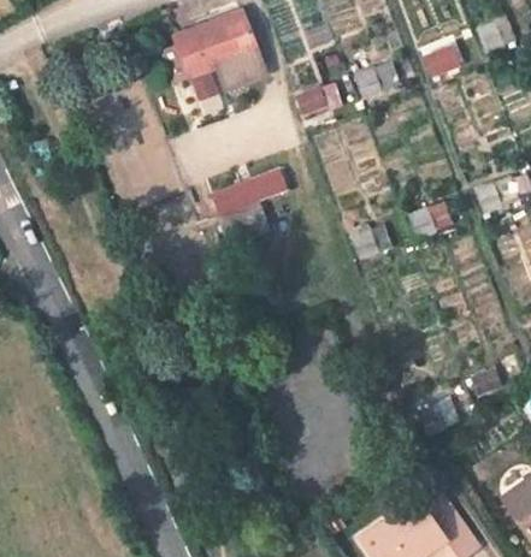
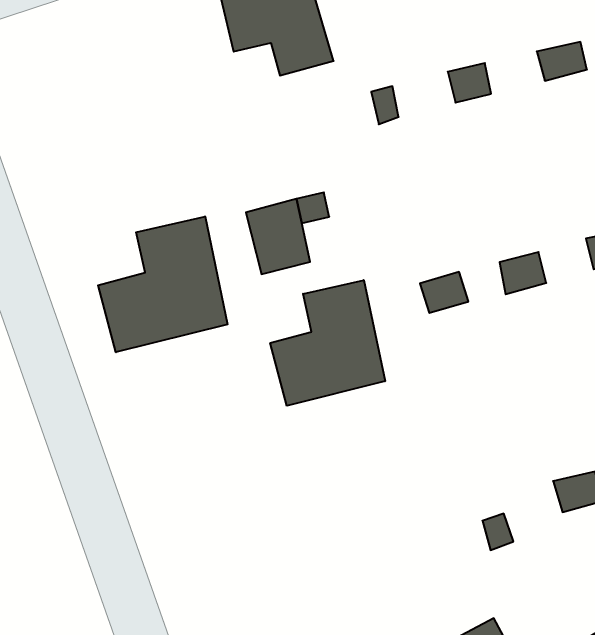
building: none -> [98,216,228,352]
building: none -> [270,280,385,406]

